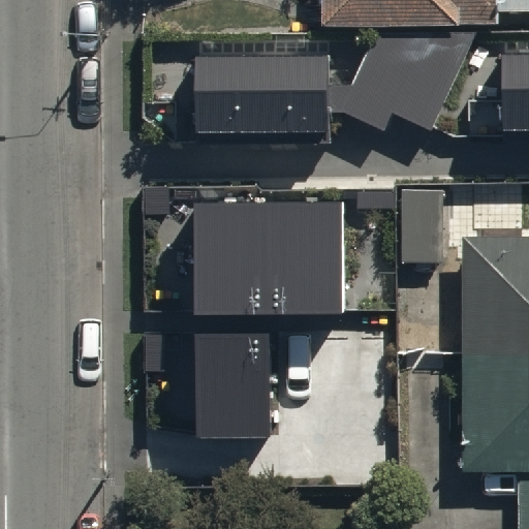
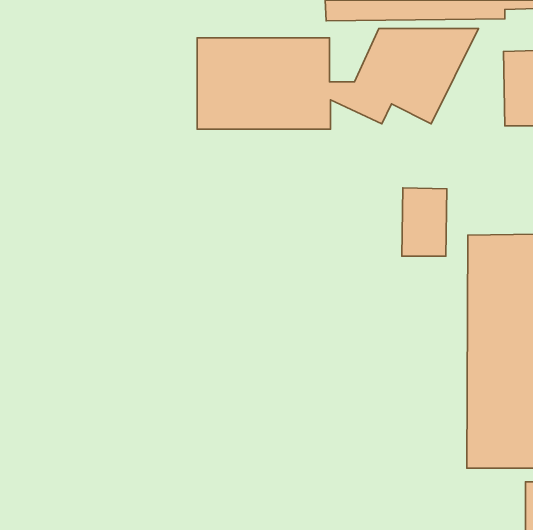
building: [194,201,341,311] -> none
building: [195,328,270,434] -> none

